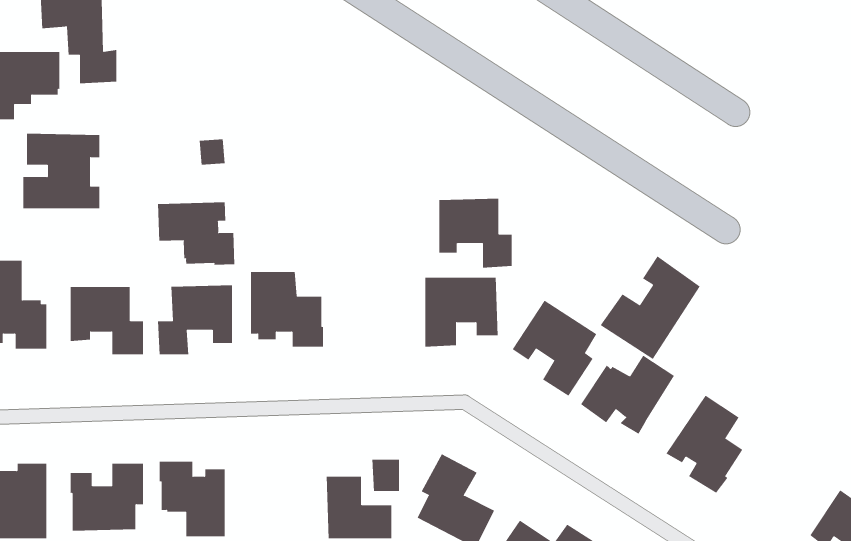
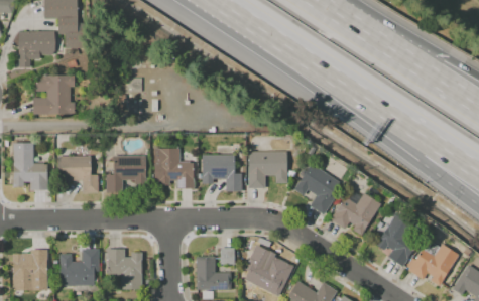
building: [439,198,513,268] -> [203,154,242,191]
building: [158,201,235,265] -> none
building: [600,256,700,360] -> none
building: none -> [408,244,459,286]

